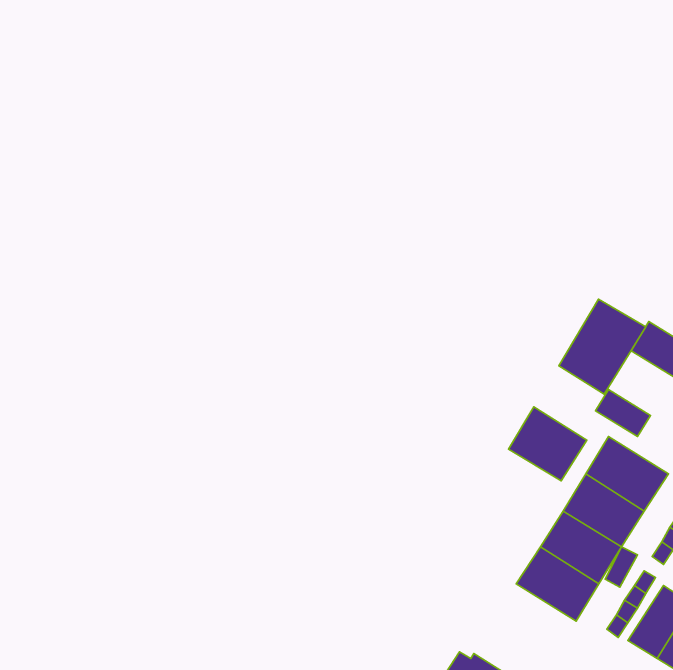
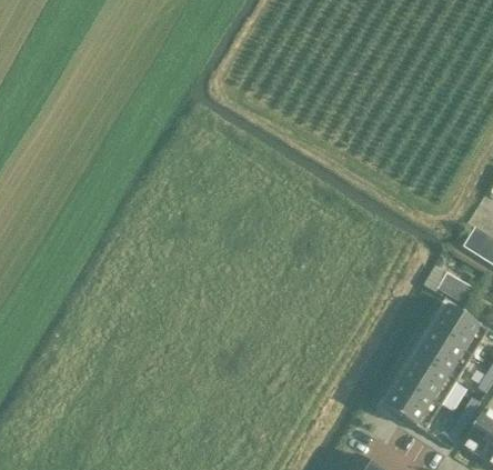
building: [559,299,646,394] -> none
building: [509,407,587,481] -> none

